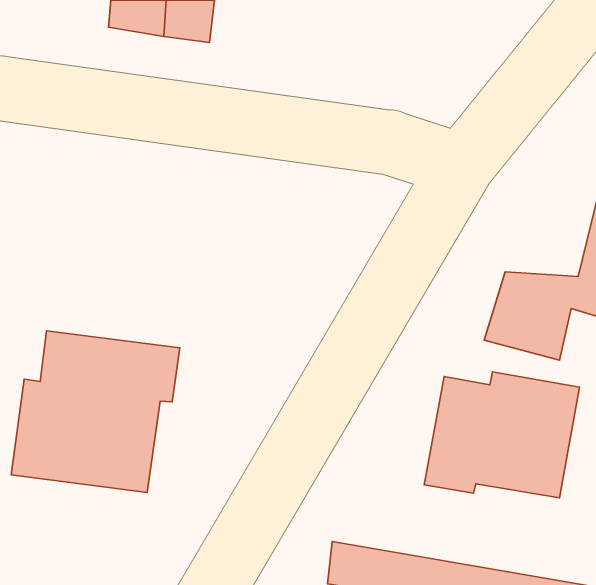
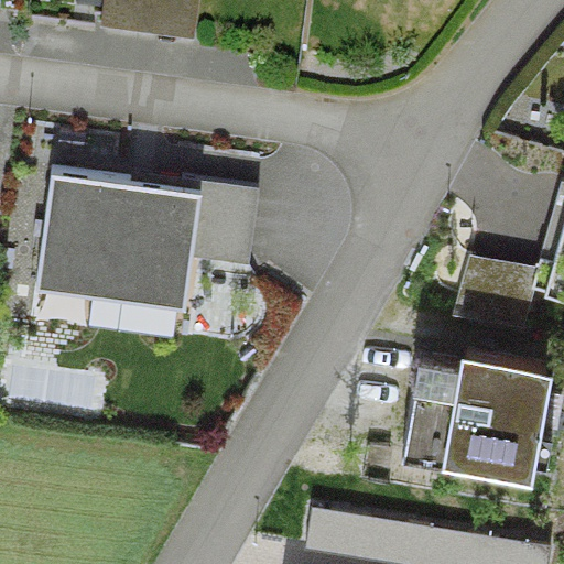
building: none -> [46,176,199,302]
building: [11,331,180,492] -> none

